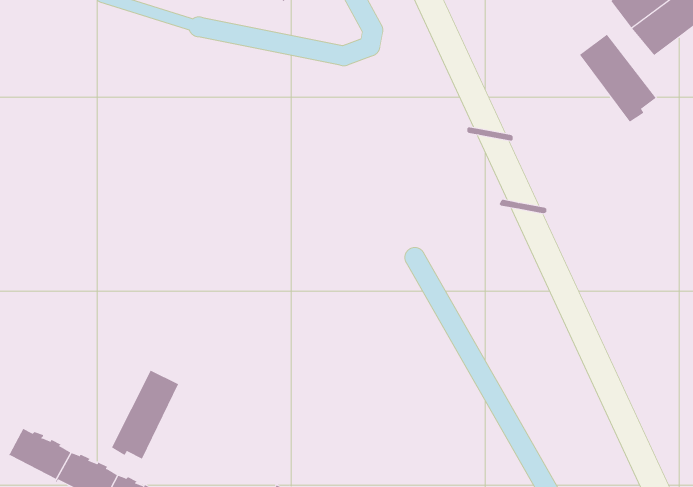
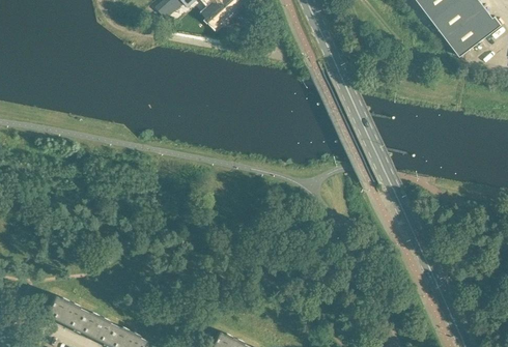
building: [579,34,656,122] -> none
building: [111,370,179,459] -> none

